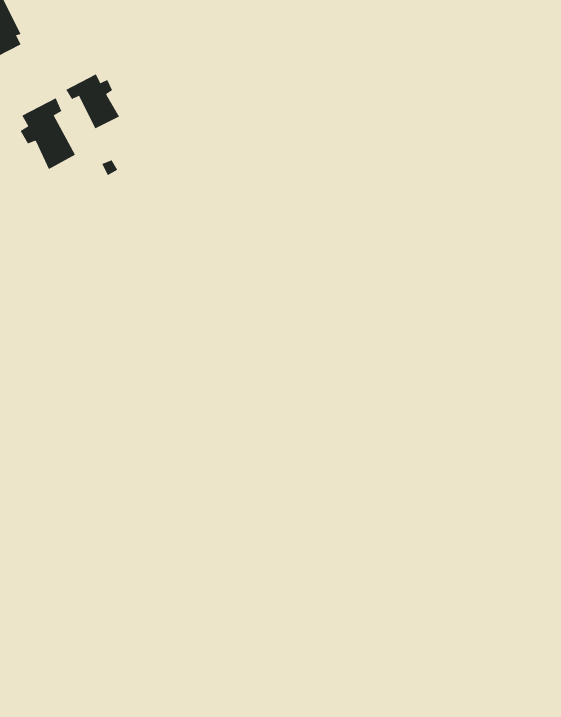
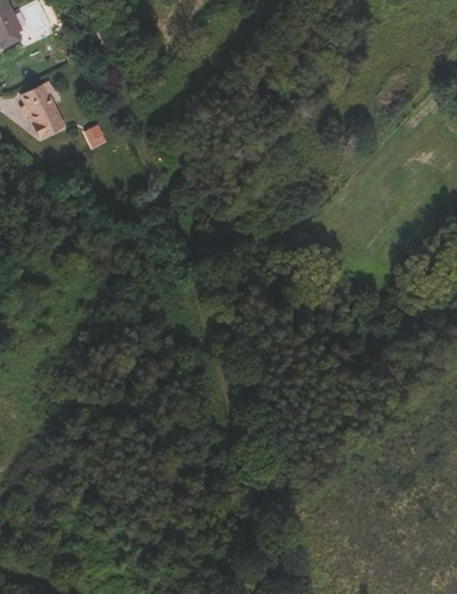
building: [65,73,120,129] -> none

